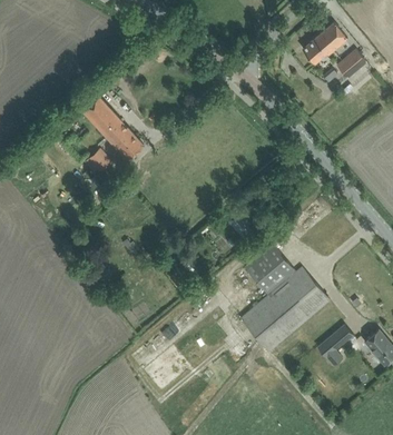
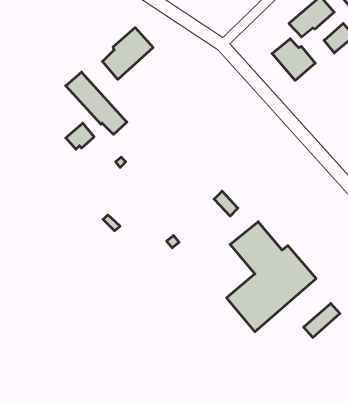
building: none -> [102,28,153,79]
building: none -> [272,39,315,80]

